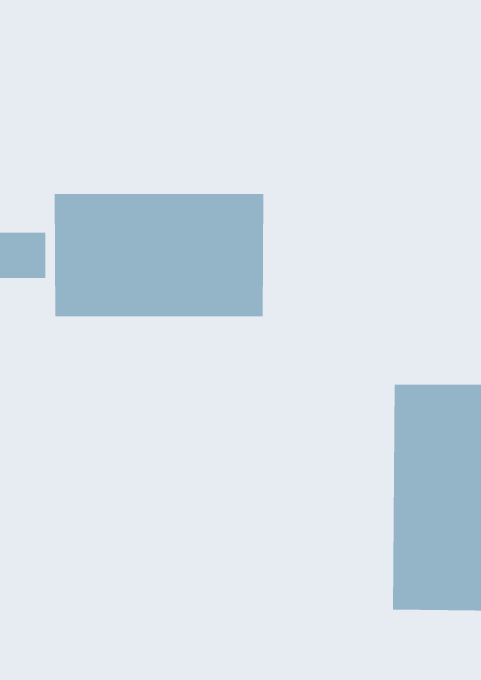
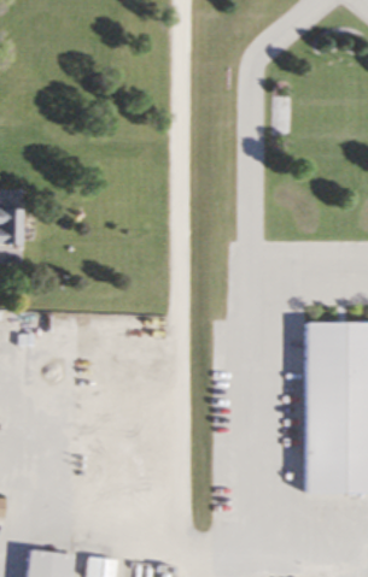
building: [54,193,264,317] -> none

